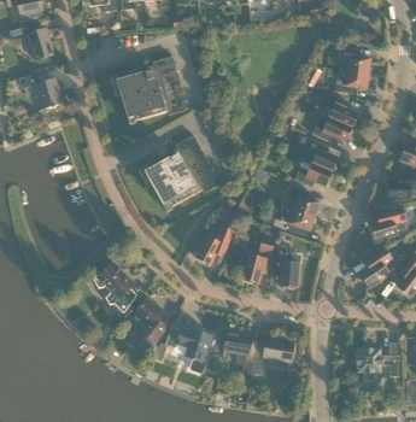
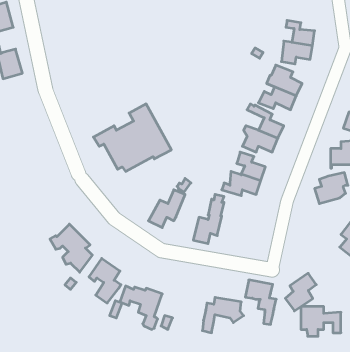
building: [111,55,187,121] -> none
building: [359,247,392,287] -> [285,273,316,311]
building: [273,254,298,287] -> none
building: [223,332,256,379] -> [245,280,276,324]

